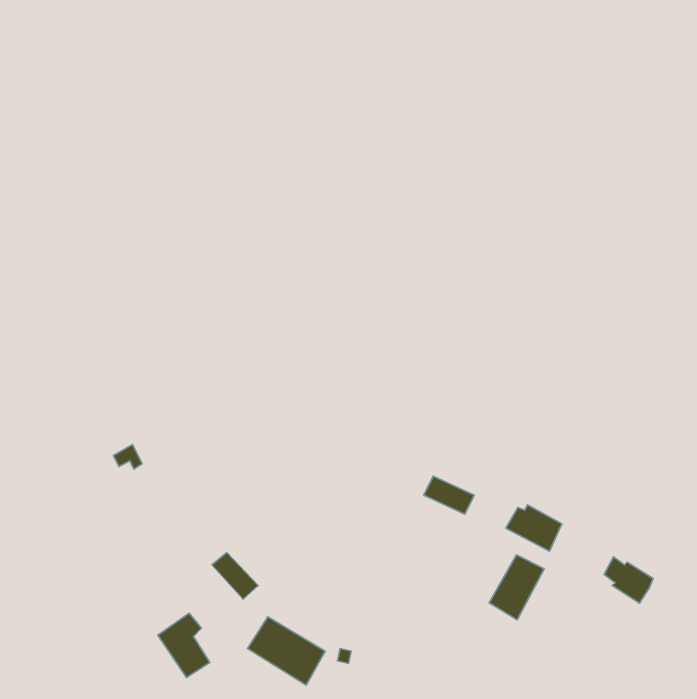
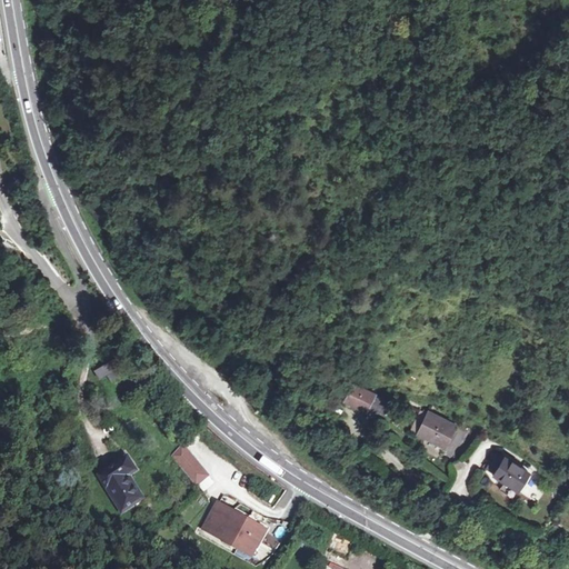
building: [489,555,544,620] -> none
building: [158,613,210,677] -> [99,456,141,508]

